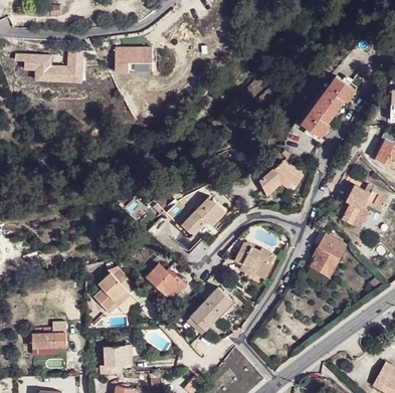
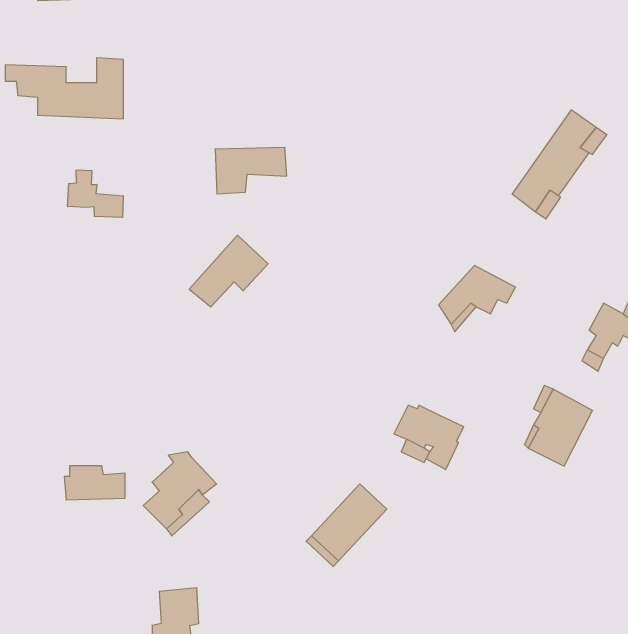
building: [114,46,154,72] -> [215,147,287,194]
building: none -> [68,170,123,218]
building: [181,196,225,236] -> [189,235,268,307]
building: [147,264,185,301] -> none
building: [31,329,65,348] -> [64,466,125,500]

